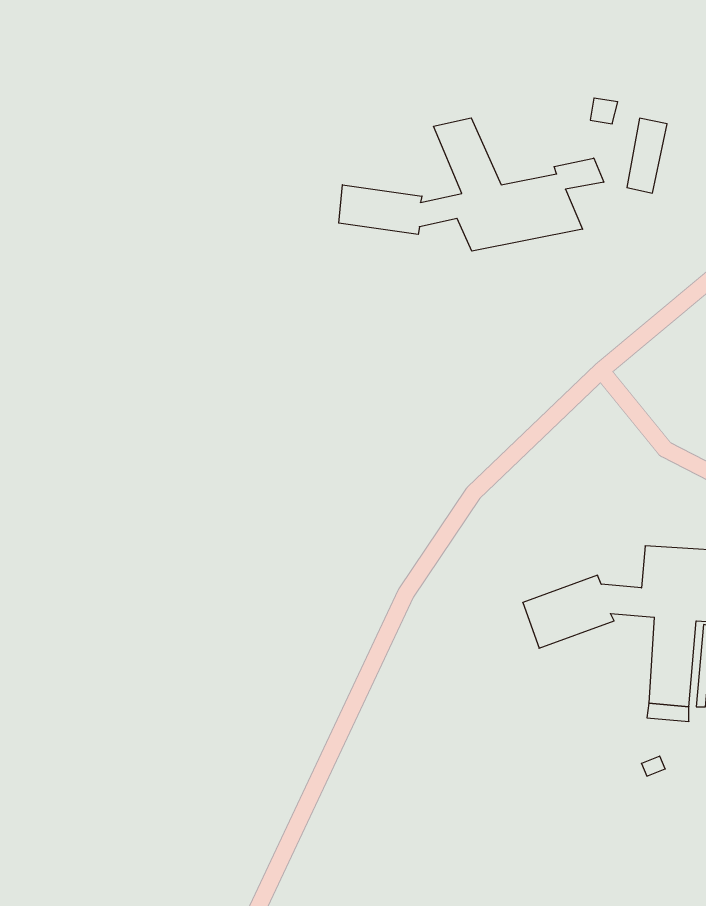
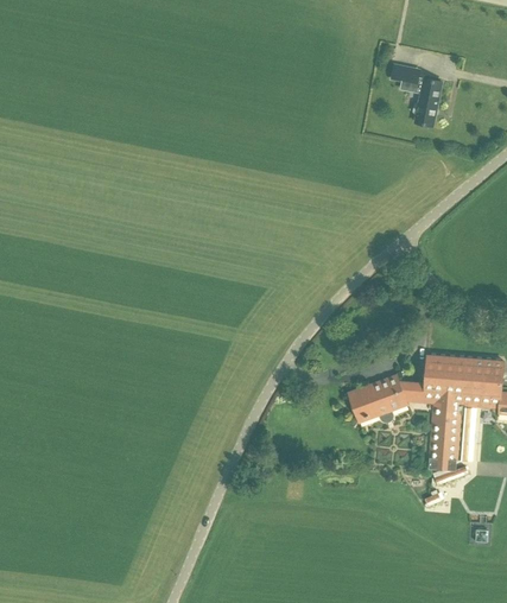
building: [339,118,604,251] -> none

